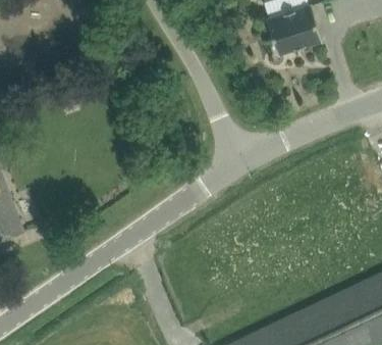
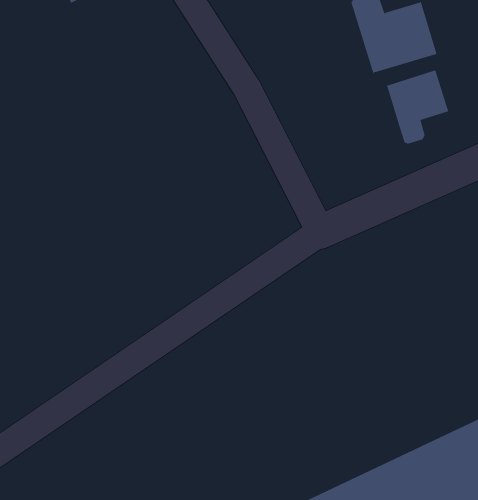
building: none -> [386,69,449,144]

